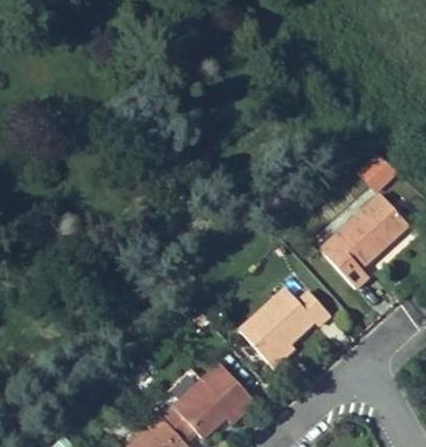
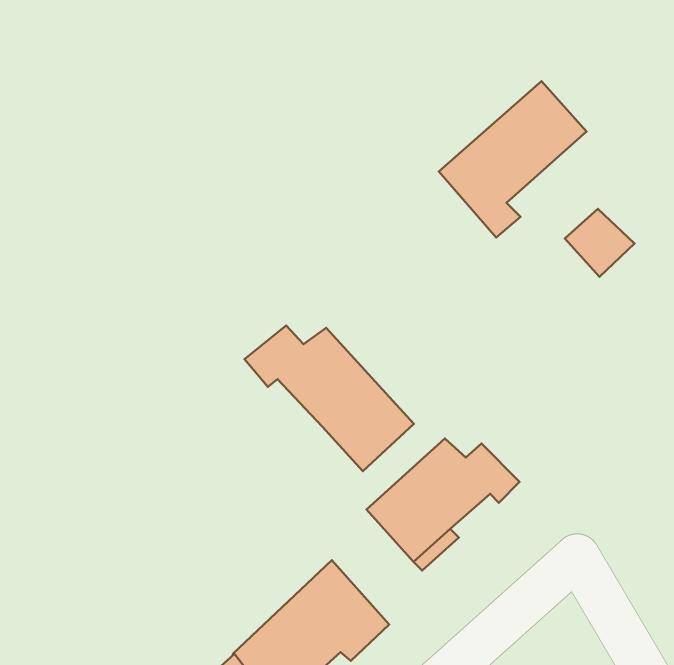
building: [320,195,407,288] -> [439,81,587,238]
building: none -> [245,325,414,471]

